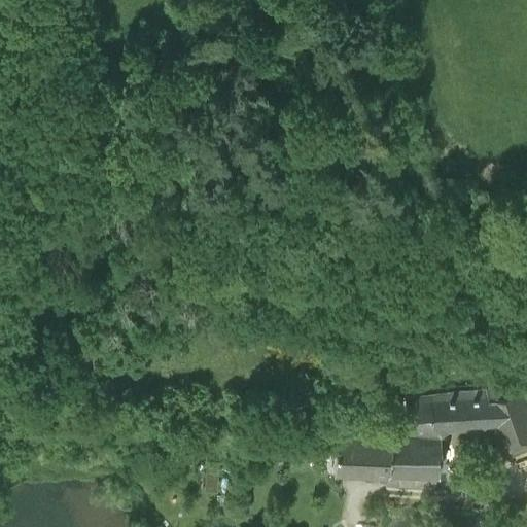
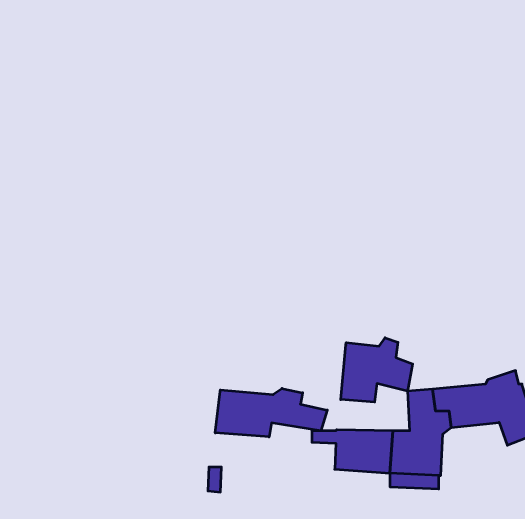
building: none -> [341,338,413,402]
building: none -> [215,388,327,437]

